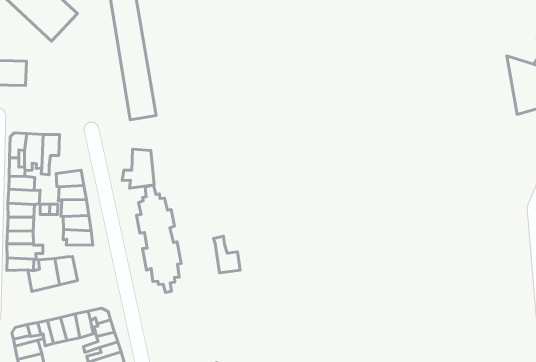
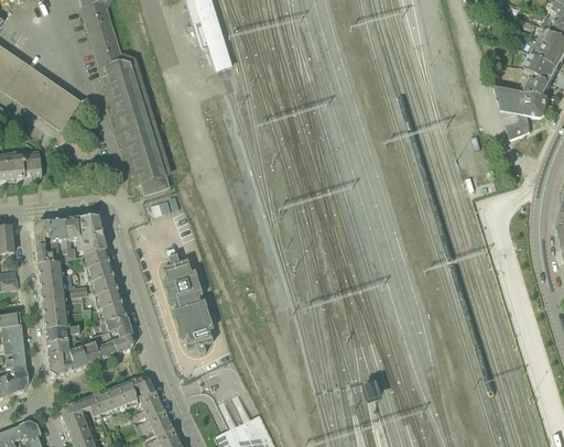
building: [122,149,154,188] -> [74,216,105,254]
building: [214,236,240,273] -> none
building: none -> [99,317,133,352]
building: none -> [47,349,74,375]

